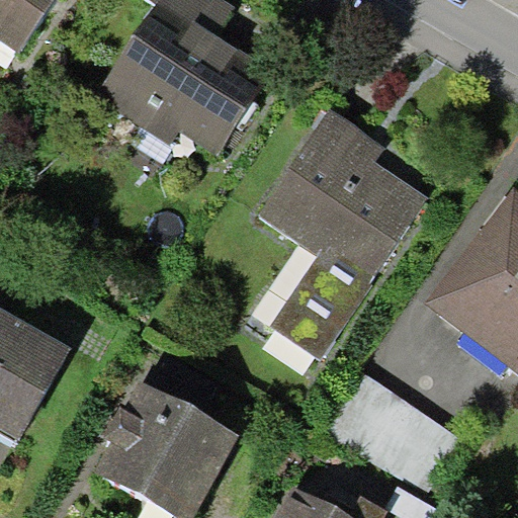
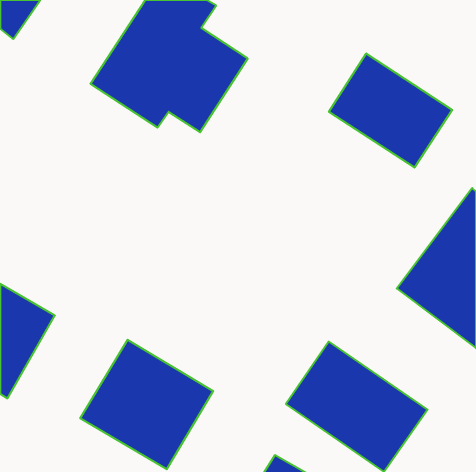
building: none -> [329,53,452,168]
building: [263,112,427,354] -> none

